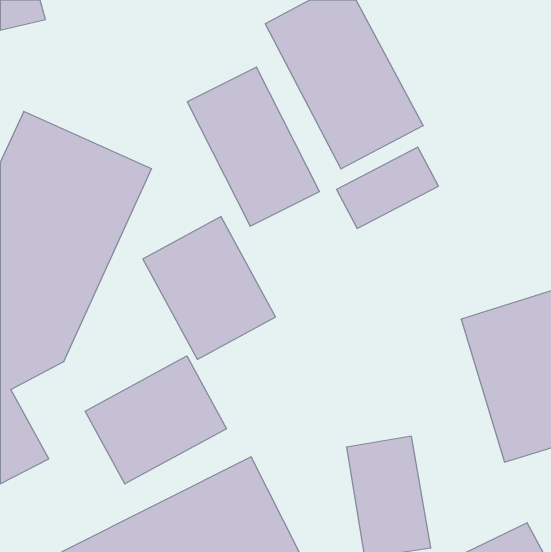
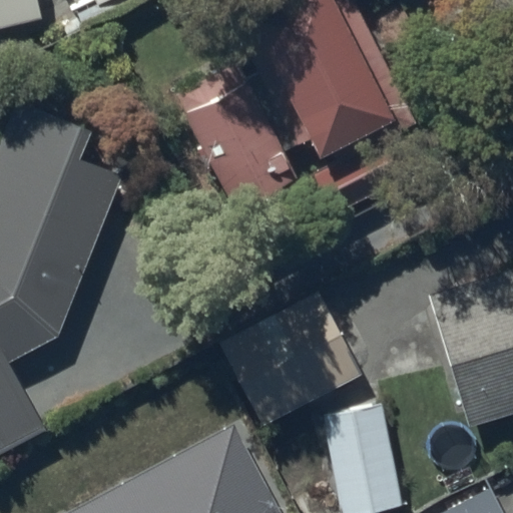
building: [143,216,275,359] -> none
building: none -> [214,290,359,430]
building: [85,356,226,484] -> none

